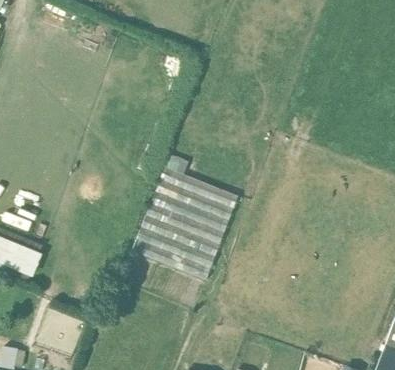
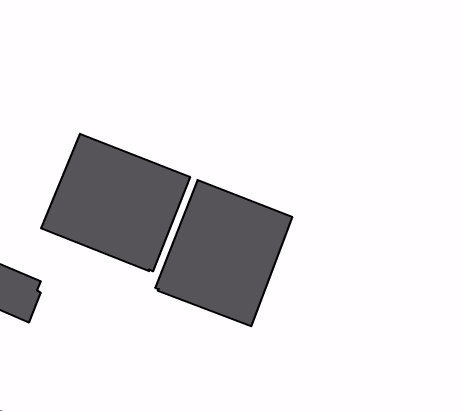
building: none -> [41,134,190,271]

